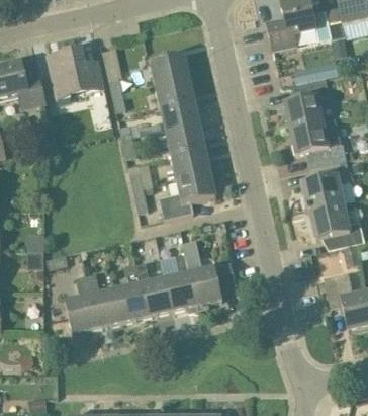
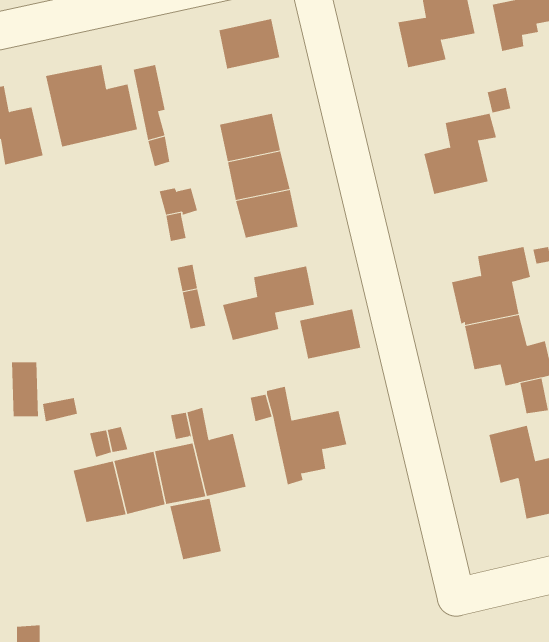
building: [151,54,189,85] -> [218,19,280,69]
building: [289,118,346,167] -> none
building: [172,149,210,180] -> [299,309,361,359]
building: [165,272,198,311] -> [169,498,223,560]

